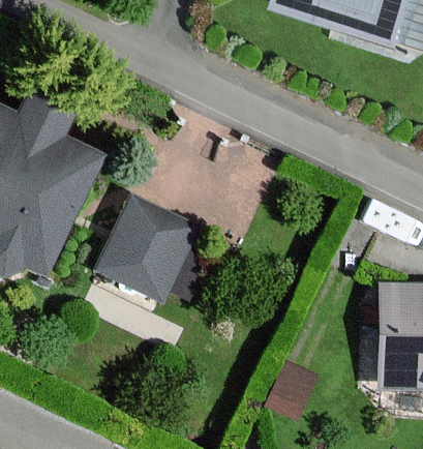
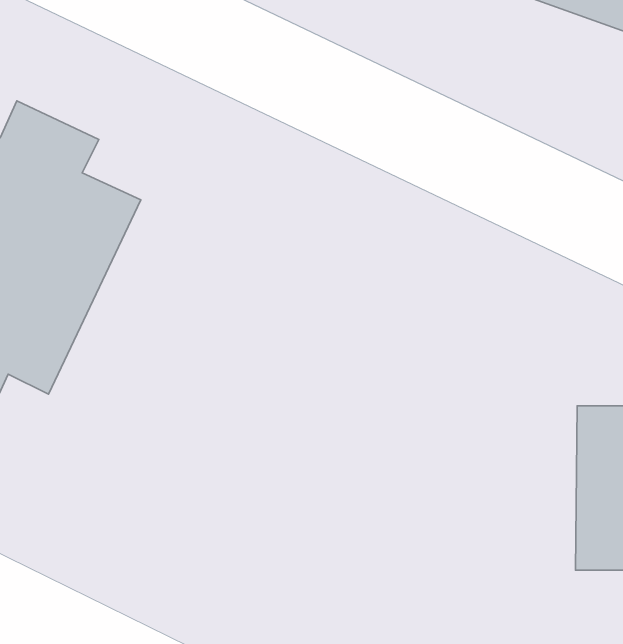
building: [99,197,201,300] -> none

